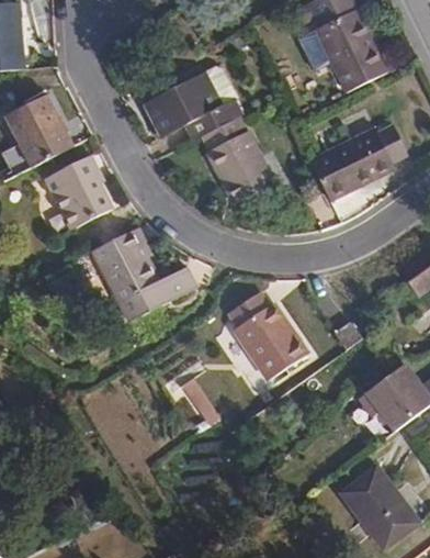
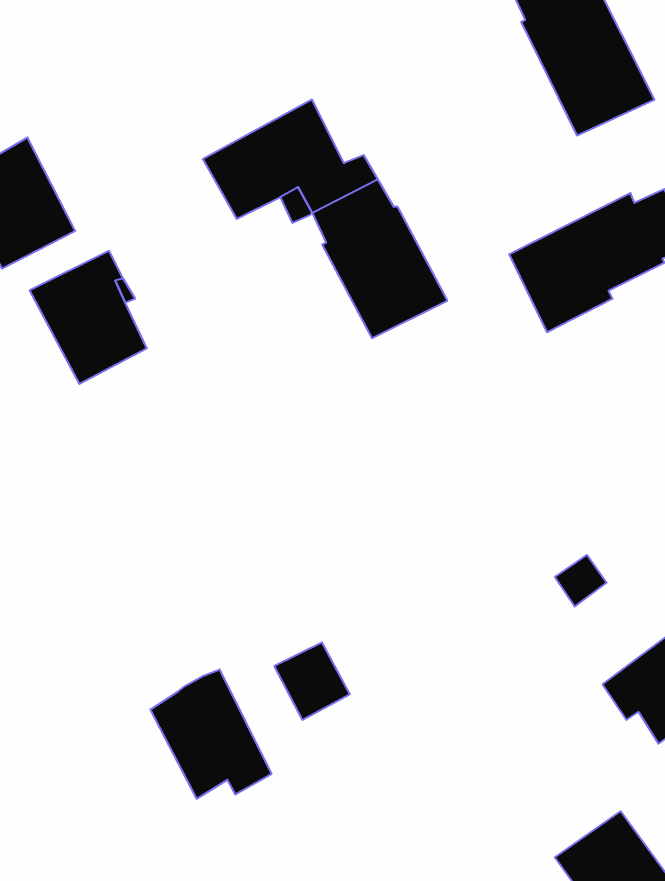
building: [92,226,190,325] -> none
building: [230,292,309,382] -> none
building: none -> [150,669,271,799]

